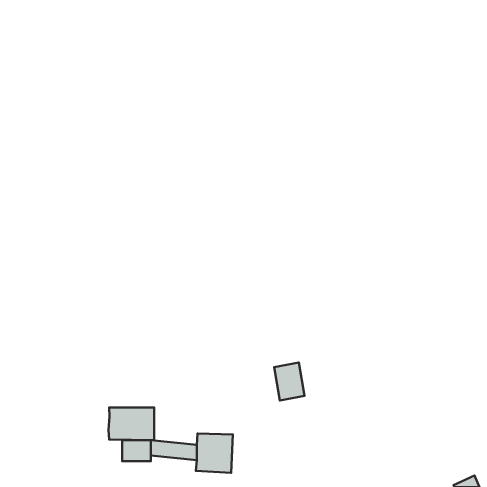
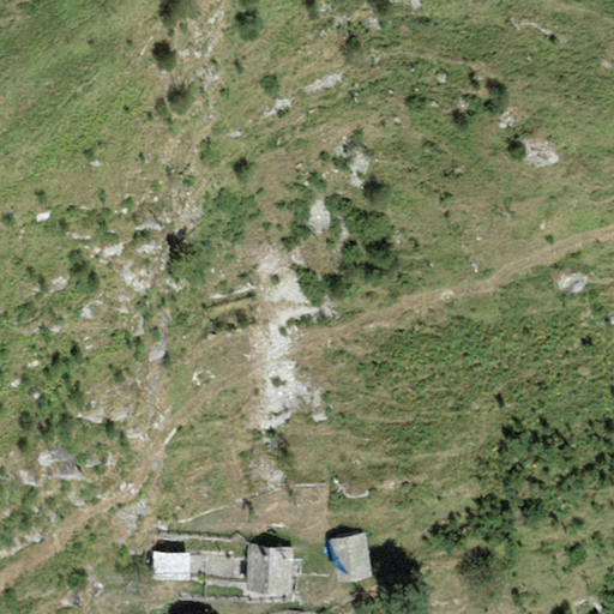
building: [274,362,305,401] -> [332,534,371,582]
building: [109,408,154,440] -> none

